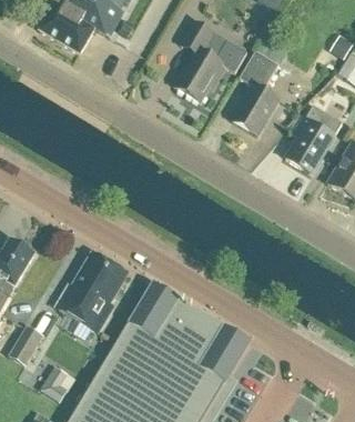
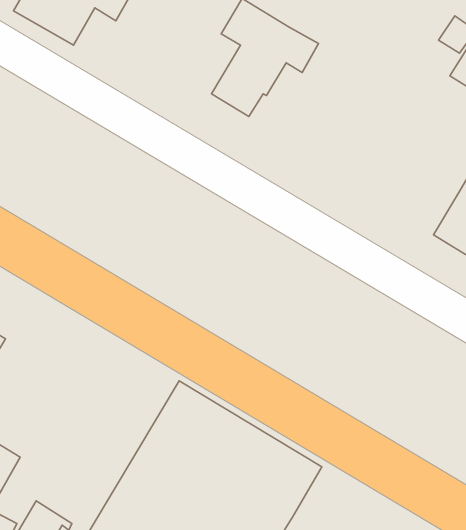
building: [232,39,288,135] -> none
building: [285,104,342,173] -> none
building: [60,253,128,330] -> none

